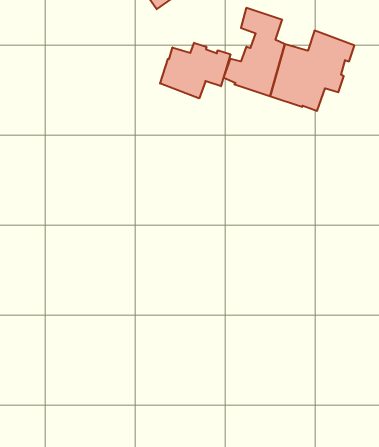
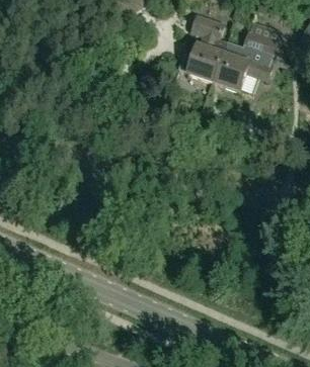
building: [160,43,230,98] -> none

